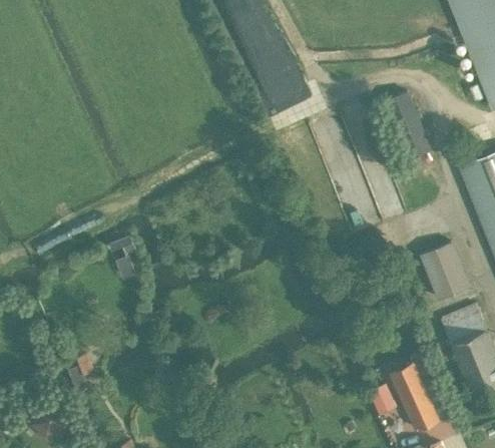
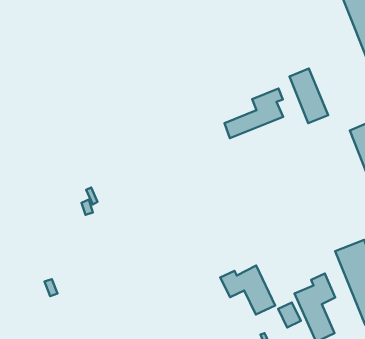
building: none -> [224,88,283,138]
building: [422,243,469,299] -> none
building: none -> [220,266,275,314]

